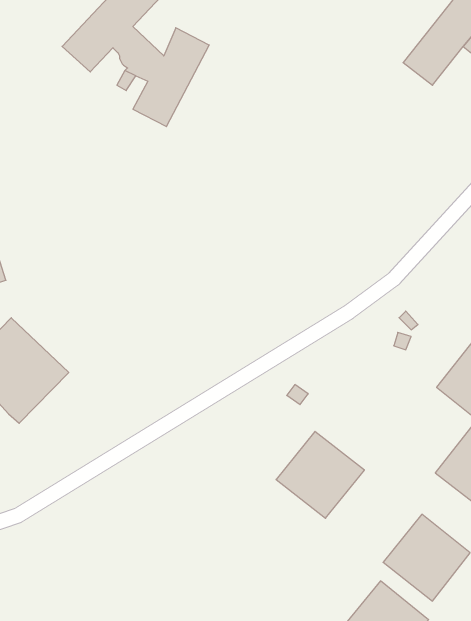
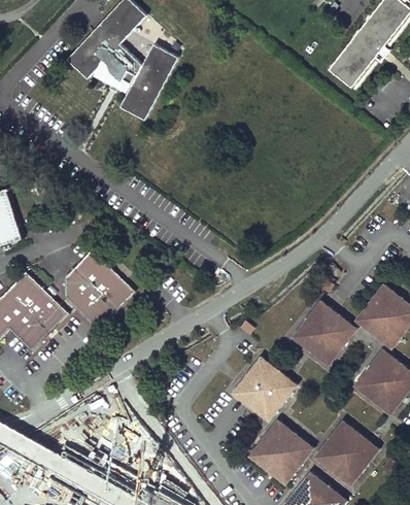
building: none -> [64,249,133,329]
building: none -> [289,301,357,368]
building: none -> [246,418,314,486]

